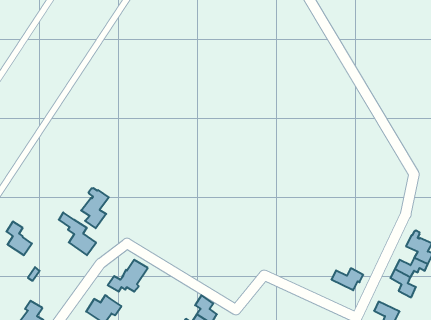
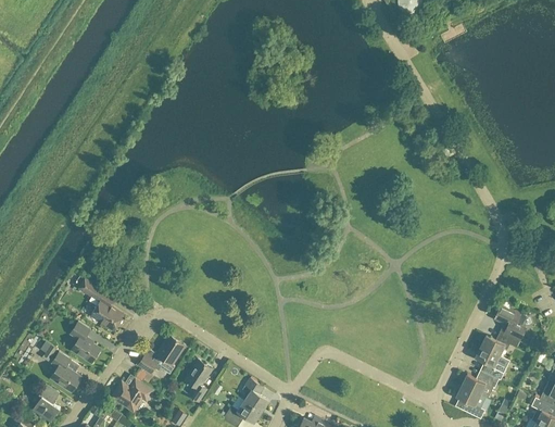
building: [81,188,109,228] -> none
building: [6,222,32,255] -> [70,322,100,362]
building: [331,269,363,290] -> [461,372,499,398]
building: none -> [50,352,81,391]
building: none -> [185,359,212,401]

